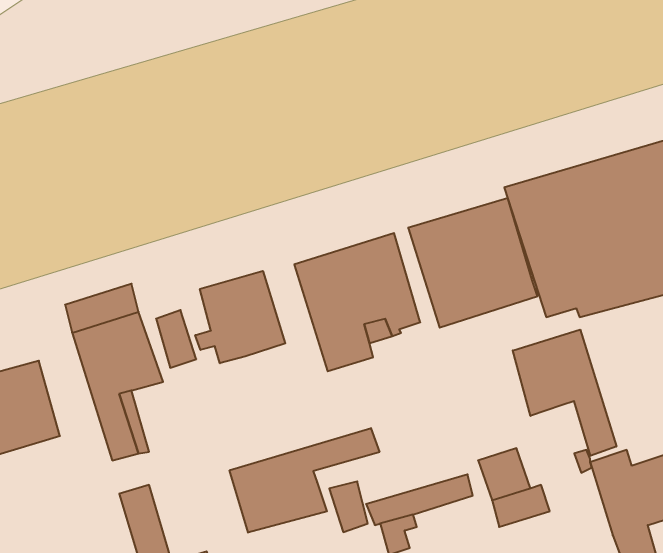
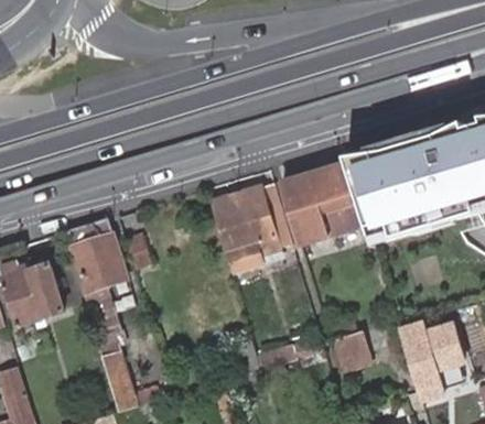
building: [195,271,285,363] -> none
building: [513,330,616,456] -> none
building: [230,428,379,533] -> none

